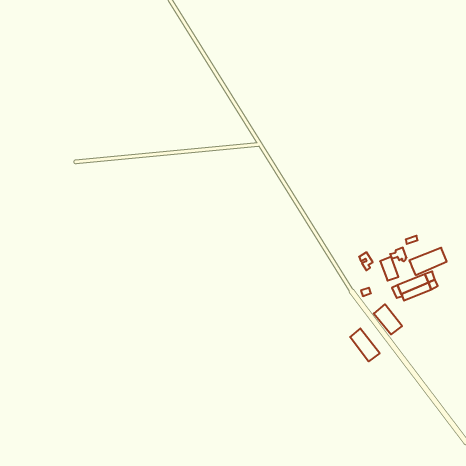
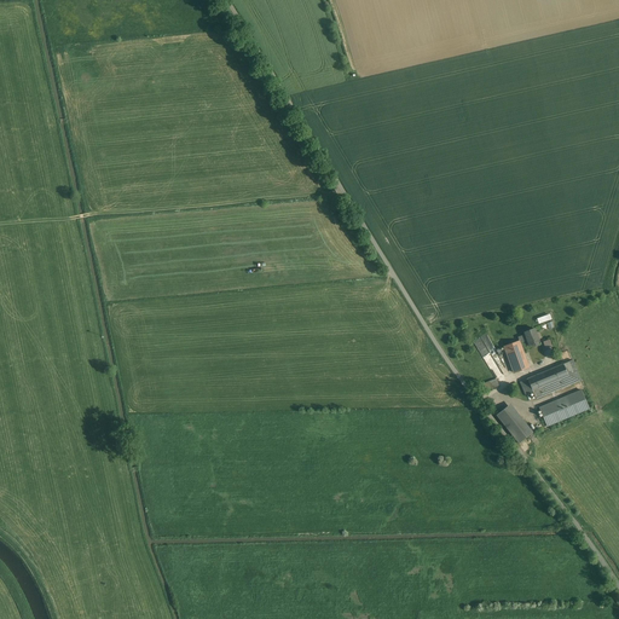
building: [409,248,447,275] -> [538,389,588,426]
building: [350,328,380,361] -> none

